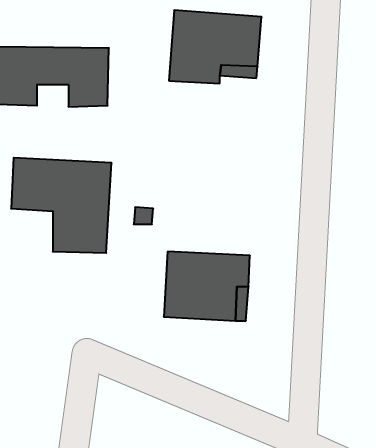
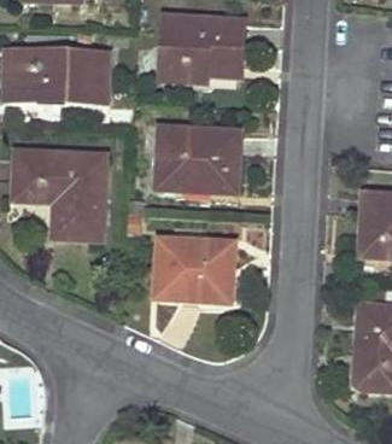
building: none -> [156,125,240,192]

